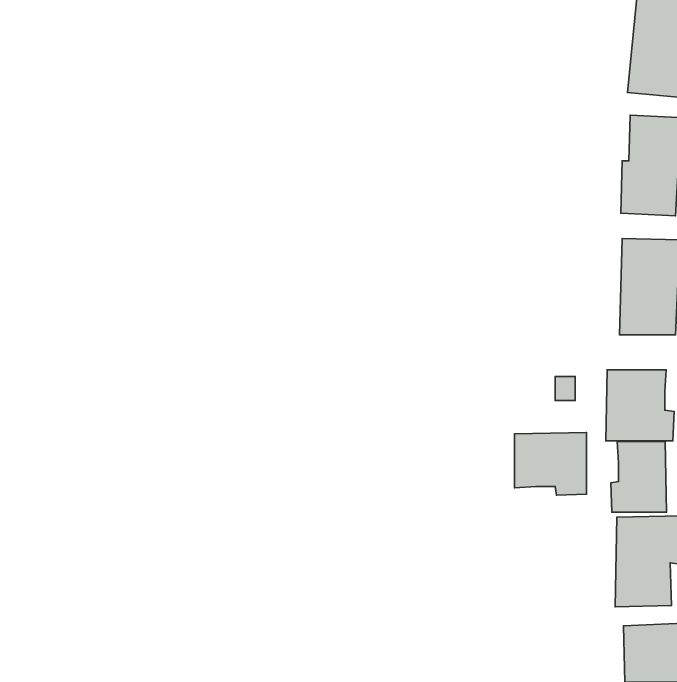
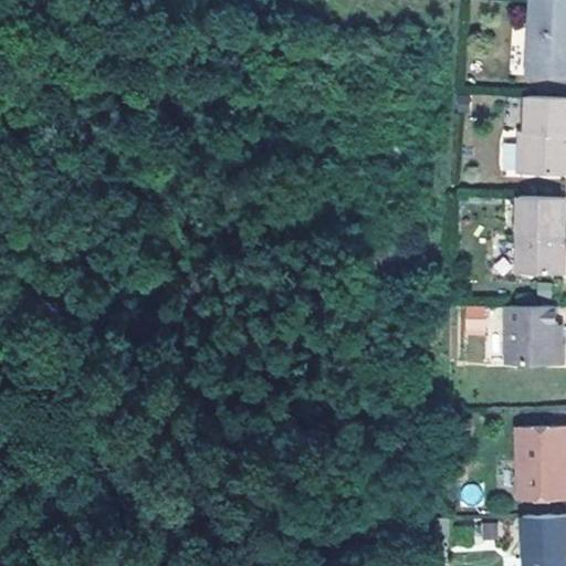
building: [515,433,587,495] -> none
building: [611,442,666,512] -> none

